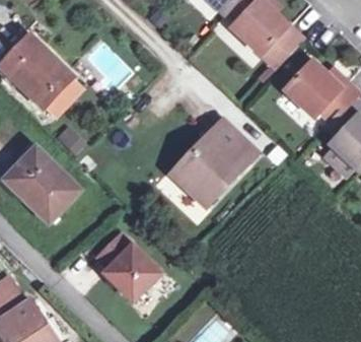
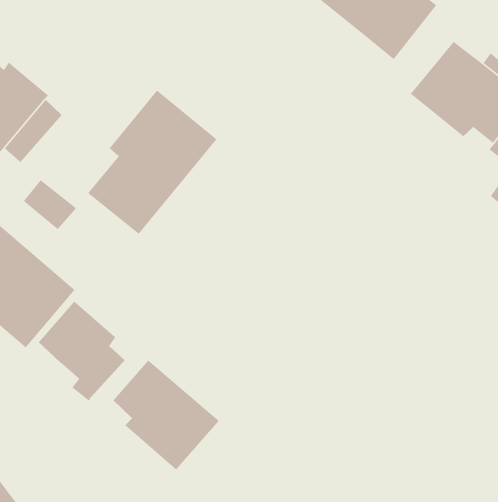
building: [177,121,256,205] -> [87,89,217,235]
building: none -> [38,300,126,402]

